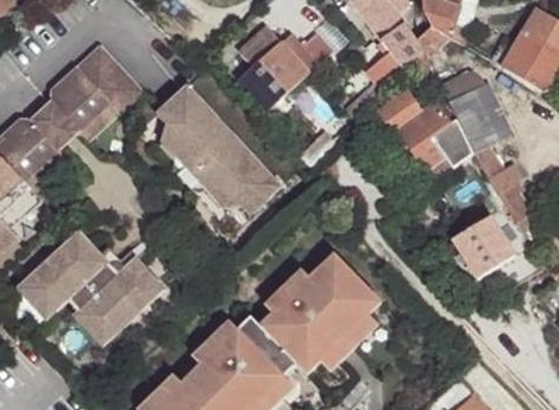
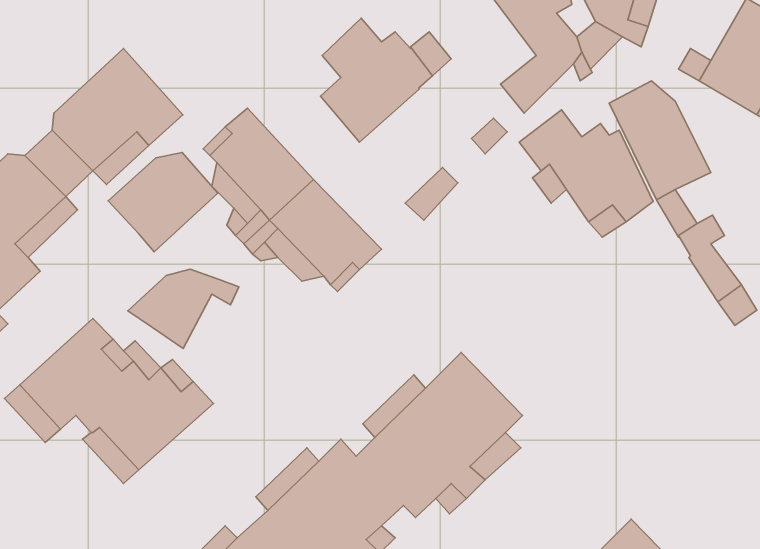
building: none -> [108,153,218,252]
building: none -> [128,269,239,349]
building: [451,213,515,277] -> none

